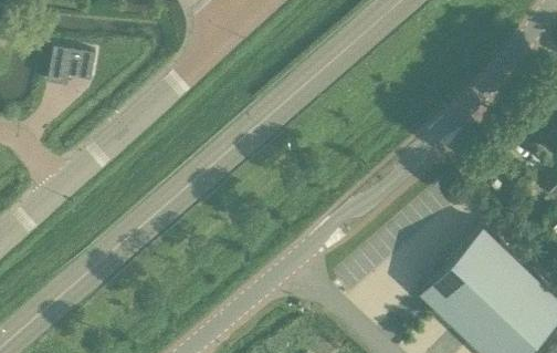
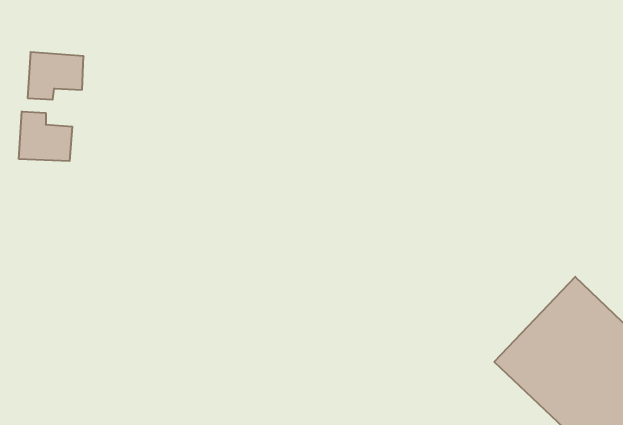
building: none -> [19,111,72,161]

